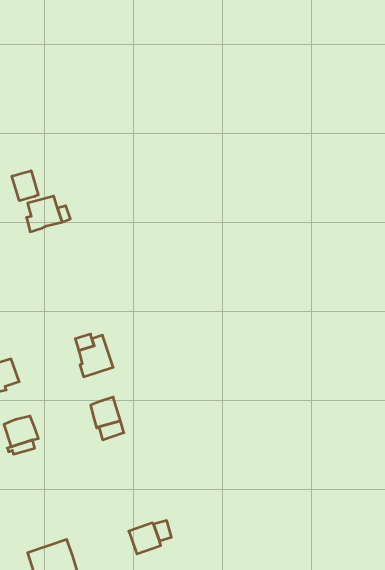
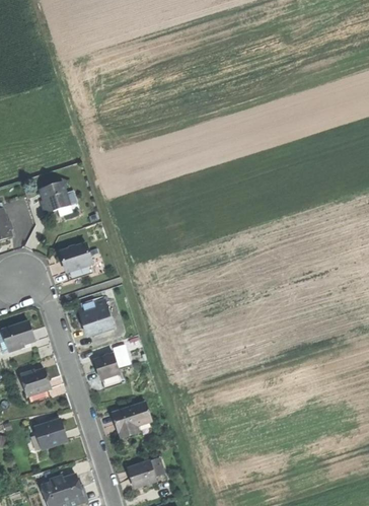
building: [12,171,38,201] -> none
building: none -> [61,243,94,280]
building: none -> [115,402,151,436]
building: none -> [33,419,65,448]

